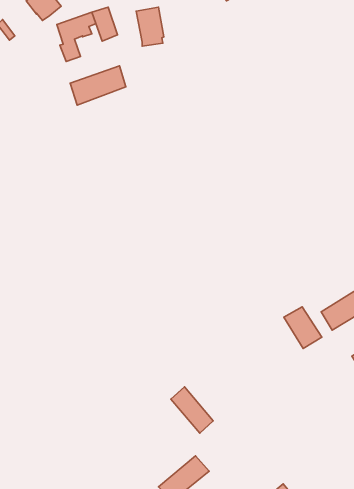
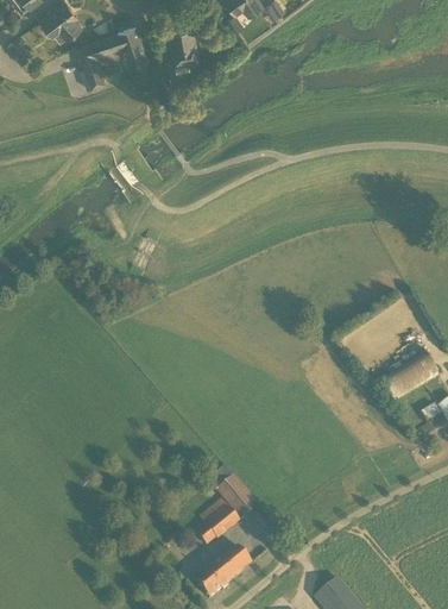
building: [70,66,126,105] -> none
building: [284,307,322,348] -> none
building: none -> [194,496,240,542]

